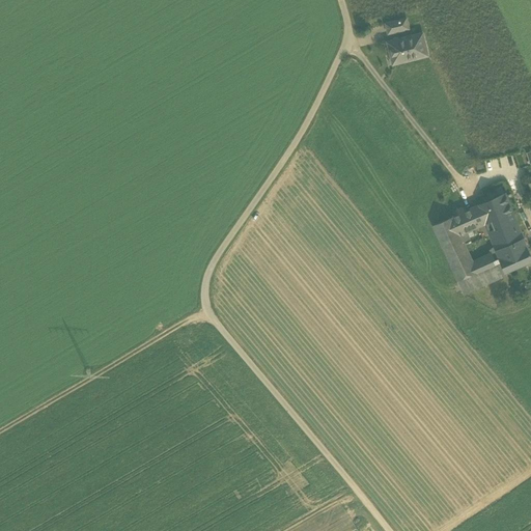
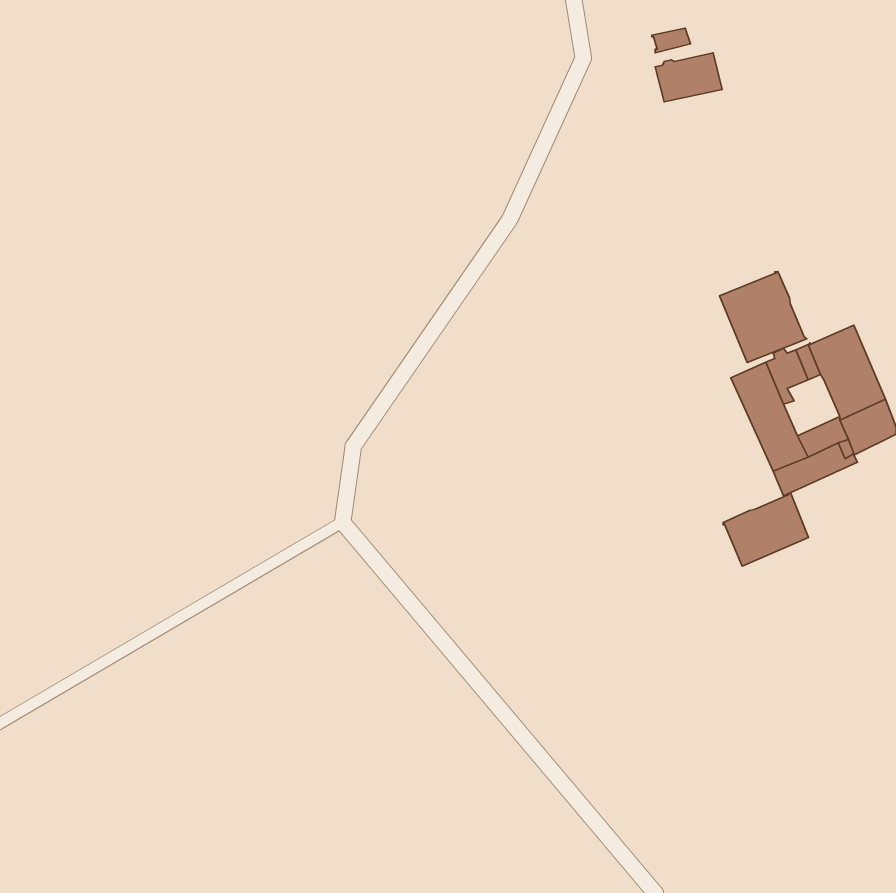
building: none -> [720,271,807,362]
building: none -> [723,493,808,566]

